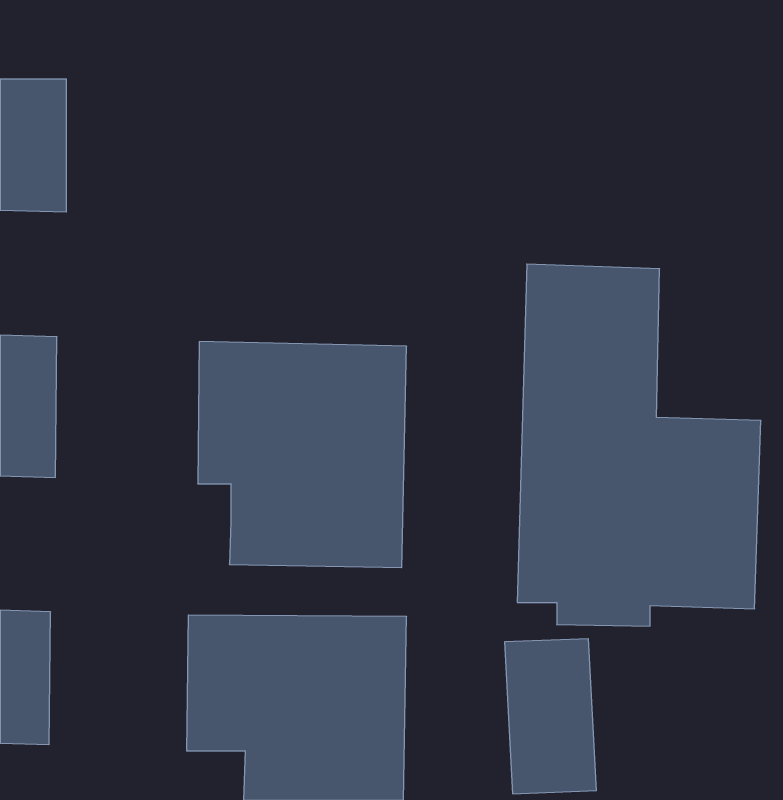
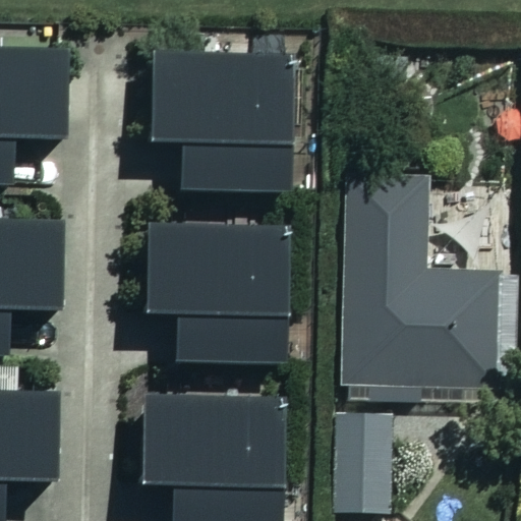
building: none -> [148,58,287,191]

